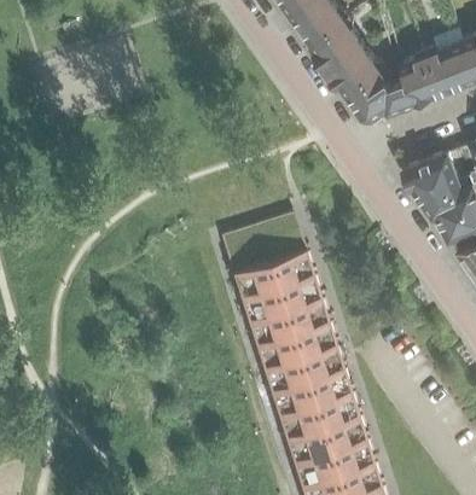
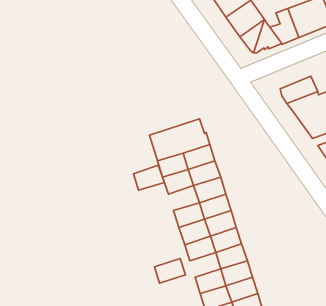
building: [246,307,290,342] -> [133,165,164,190]
building: [277,401,320,436] -> [154,258,185,283]

